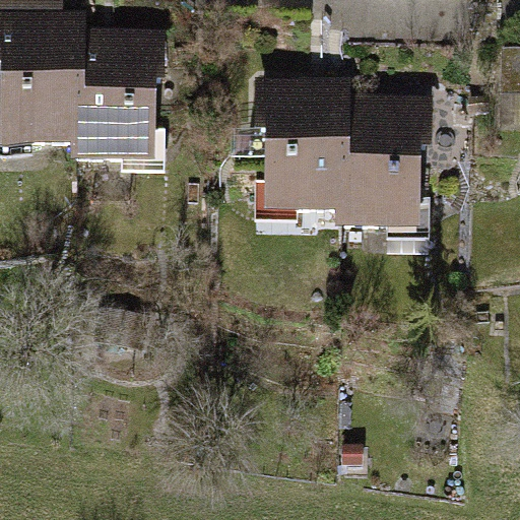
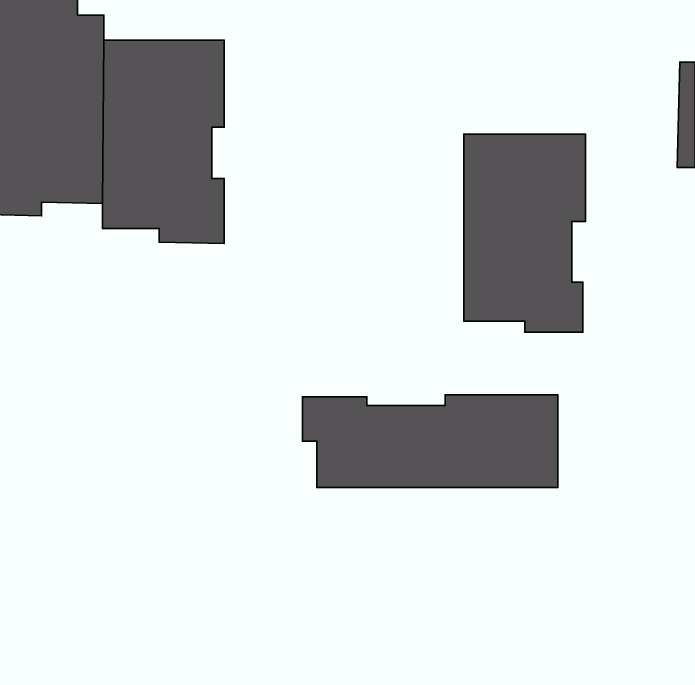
building: [251,79,341,226] -> none
building: none -> [302,395,558,488]

